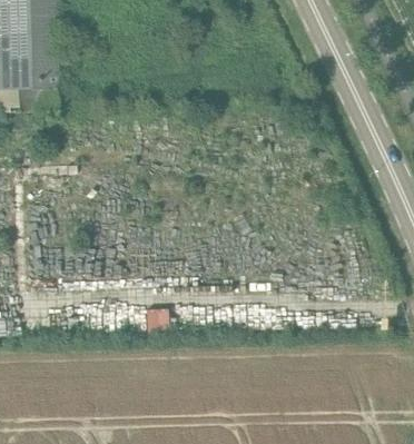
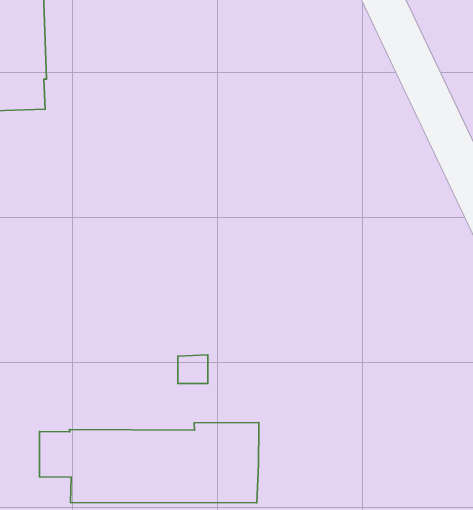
building: none -> [40,422,259,503]

